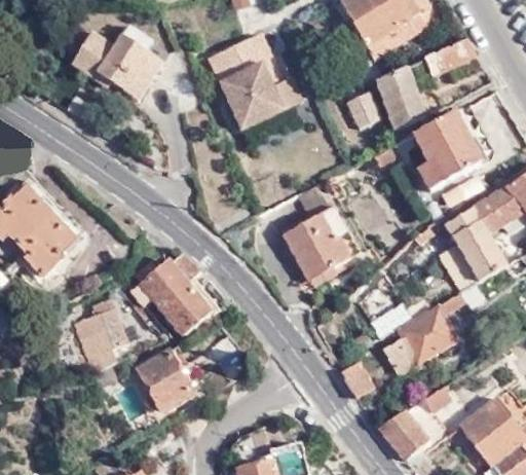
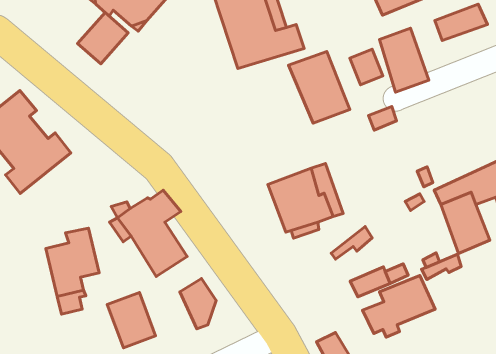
building: none -> [78,13,128,64]
building: none -> [289,51,350,123]
building: [412,111,477,181] -> none

